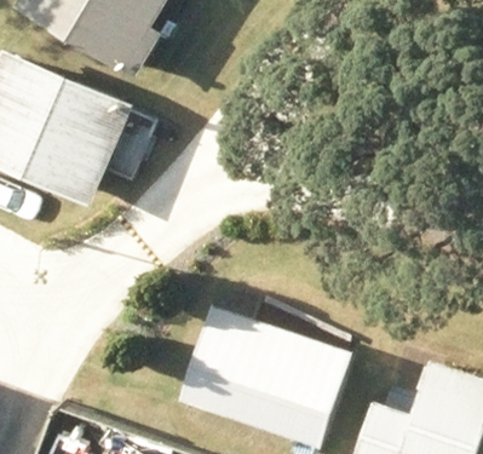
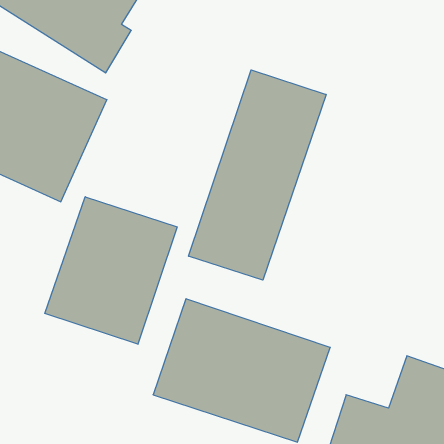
building: none -> [189,70,326,280]
building: none -> [45,197,177,344]

